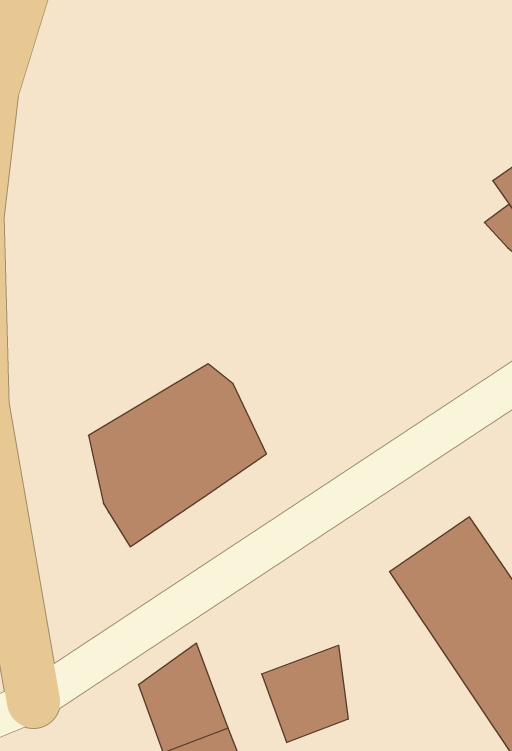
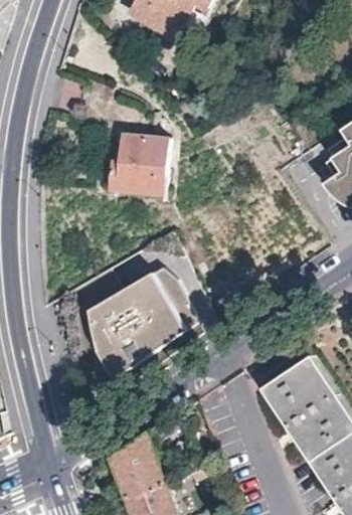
building: none -> [111,134,171,195]
building: [262,645,348,743] -> none

